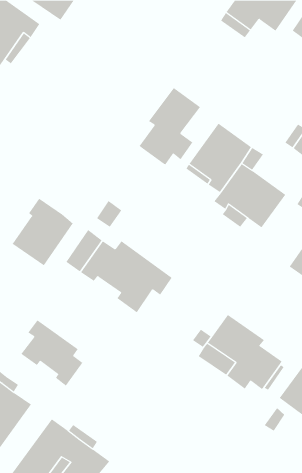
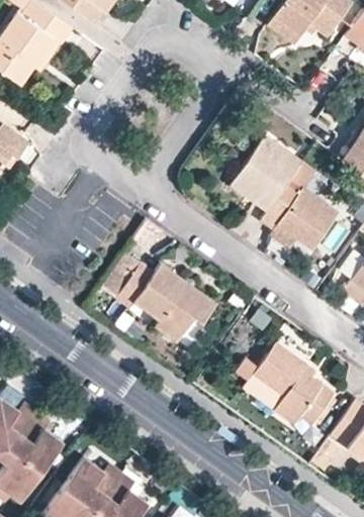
building: [139,87,201,165] -> none
building: [12,198,74,266] -> none
building: [21,320,83,386] -> none

